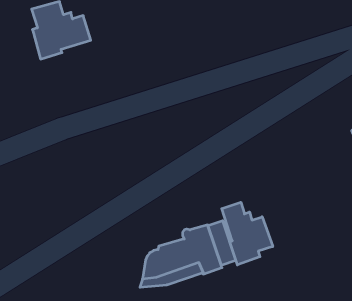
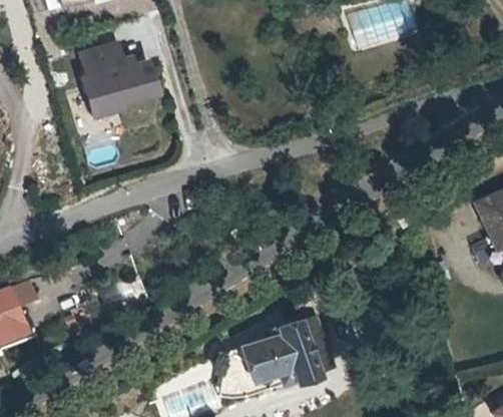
building: [222,202,273,265] -> none

